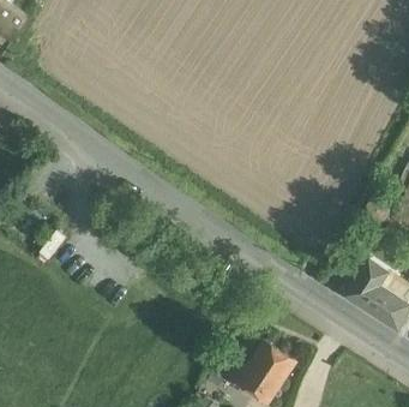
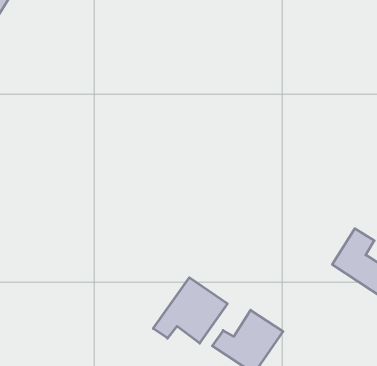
building: none -> [153,278,227,343]

